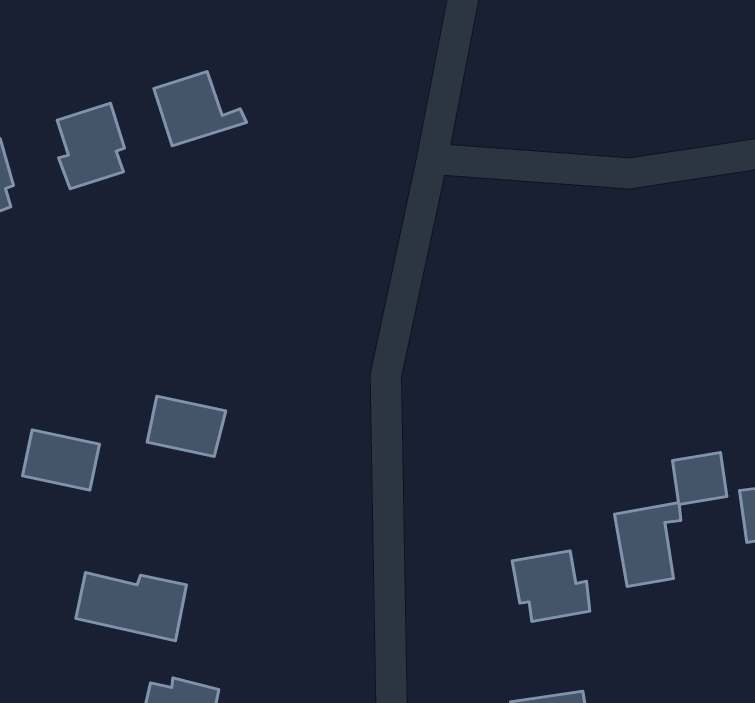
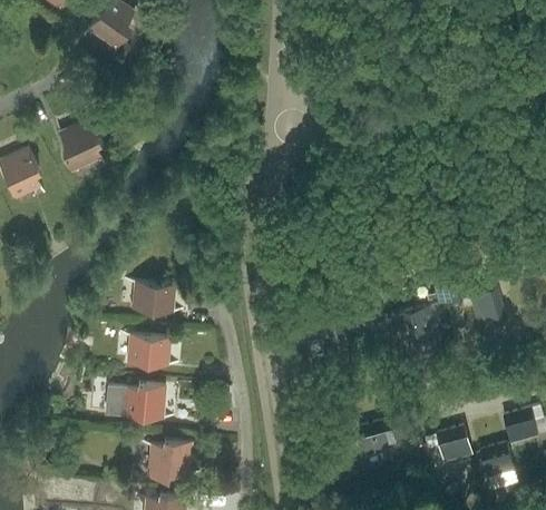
building: [154,72,246,146] -> none
building: [23,430,99,490] -> [128,337,169,367]
building: [512,551,590,621] -> none

